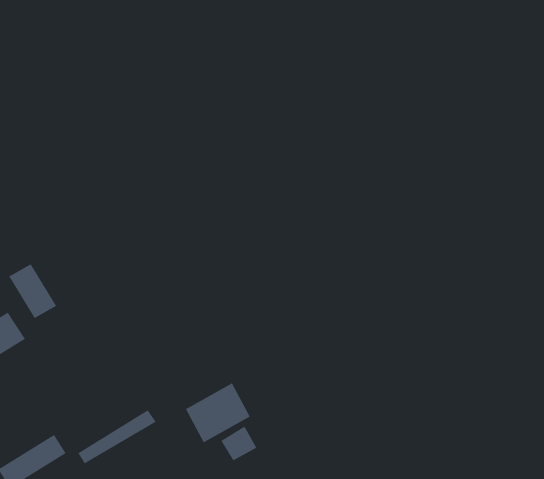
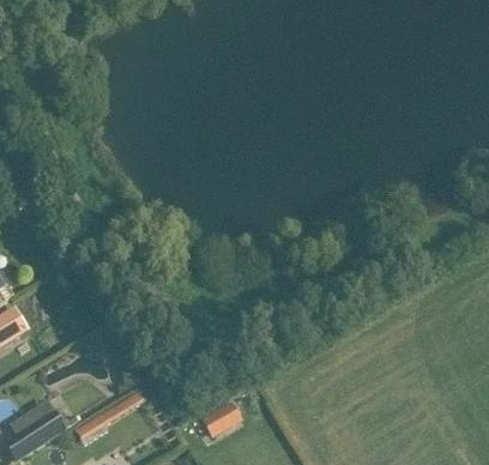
building: [8,263,57,319] -> none
building: [185,383,250,443] -> none

